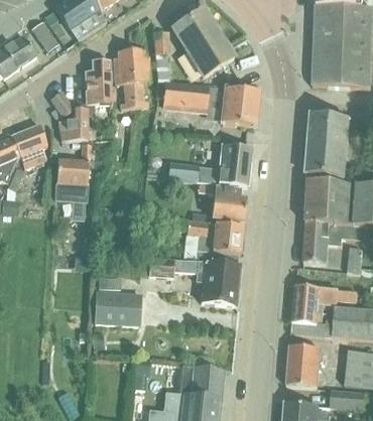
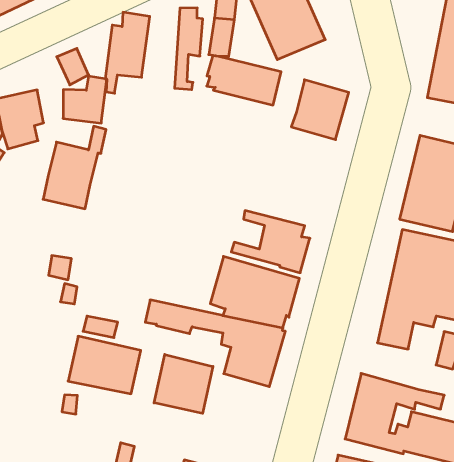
building: [114,50,135,109] -> none
building: [170,143,251,185] -> none
building: none -> [154,354,213,413]

